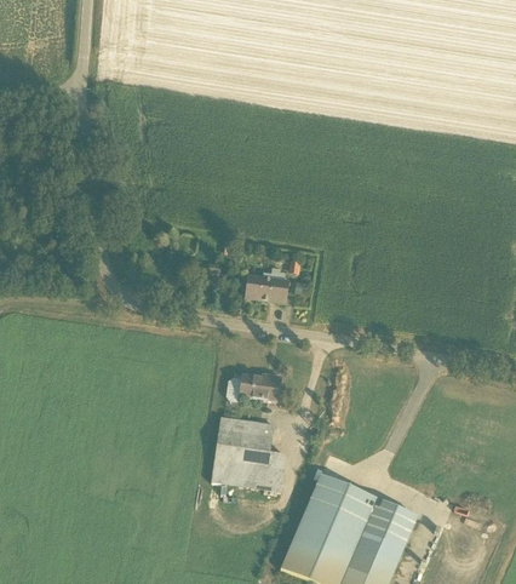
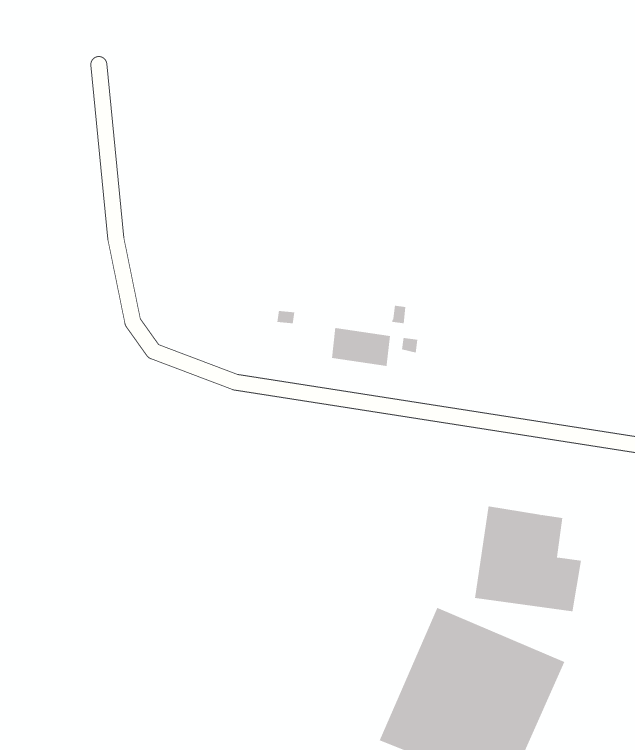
building: [227,374,281,401] -> none
building: [211,416,287,491] -> [474,506,582,612]

